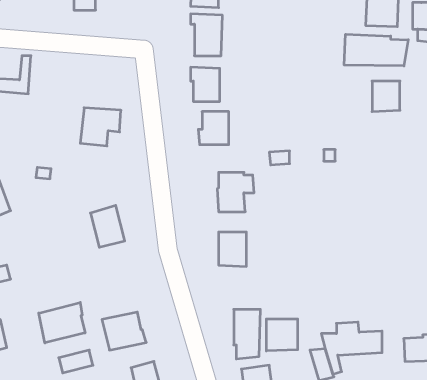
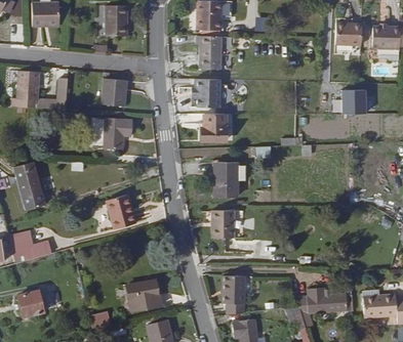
building: [344,34,408,66] -> none
building: none -> [99,77,124,100]
building: [39,302,85,343] -> none
building: [266,319,298,351] -> none

